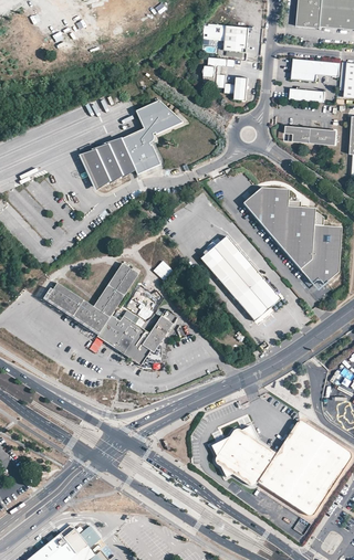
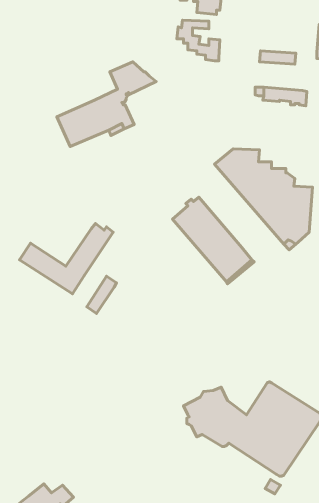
building: [291,57,340,80] -> none
building: [123,309,176,363] -> none
building: [96,310,133,346] -> none

